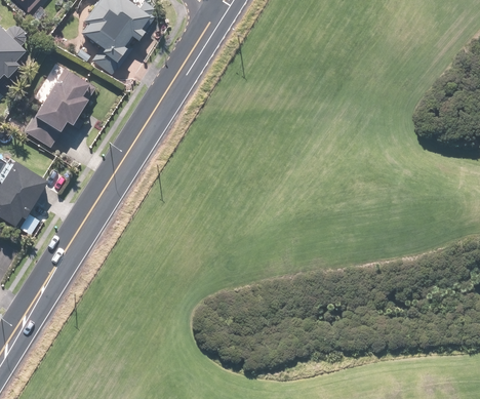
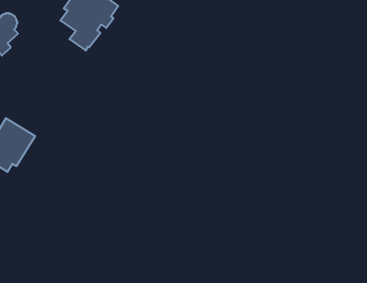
building: [26,65,88,148] -> none

